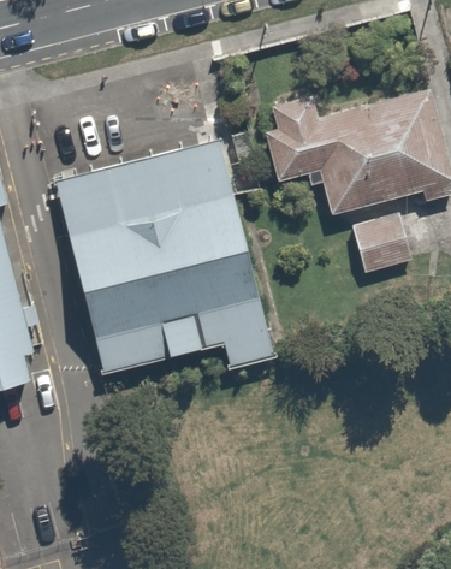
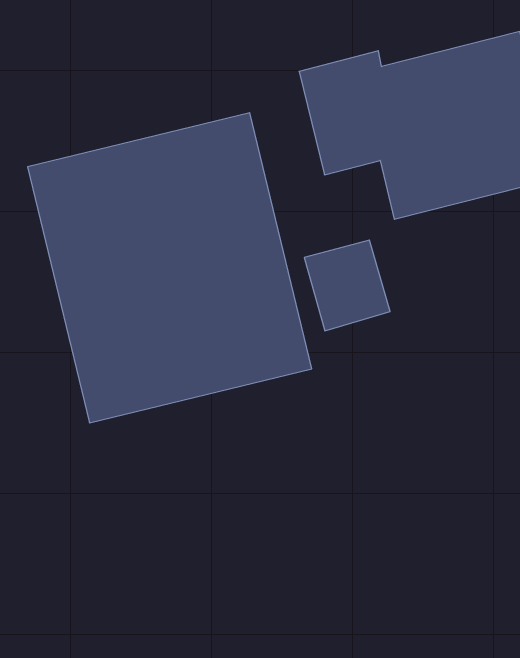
building: [350,207,415,275] -> [304,240,390,331]

